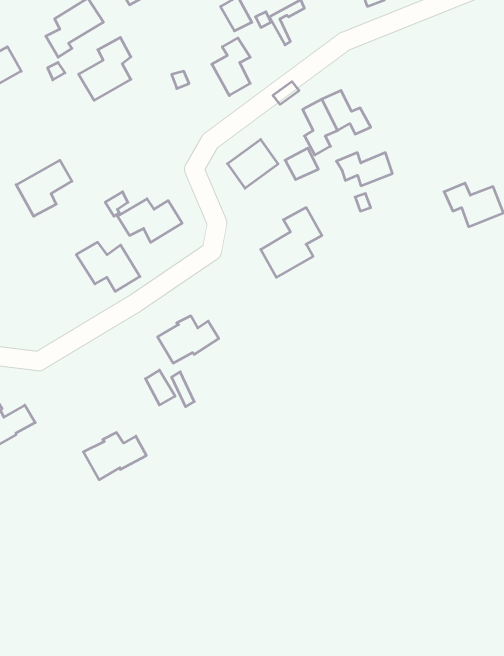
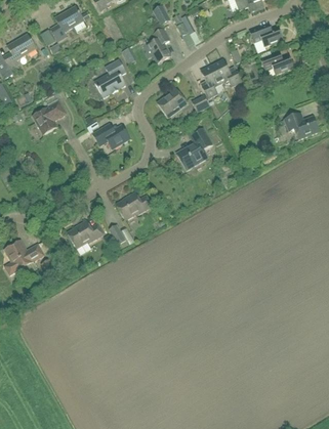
building: none -> [250,26,283,45]
building: [79,37,131,100] -> [94,58,125,95]
building: [336,153,392,186] -> [260,53,293,73]
building: [76,242,140,291] -> none
building: [83,433,146,480] -> [67,219,104,247]

